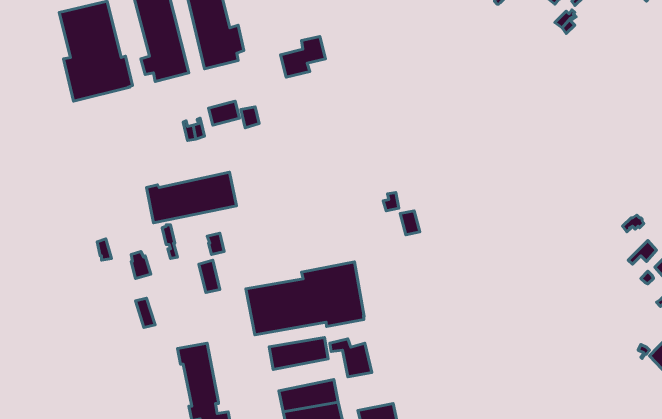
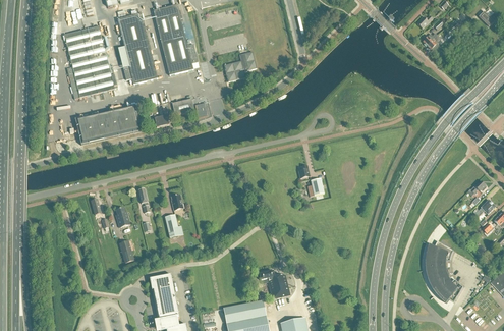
building: [146,172,237,223] -> [76,105,142,142]
building: [246,262,364,335] -> none
building: none -> [426,240,462,301]
building: [269,337,328,370] -> none

